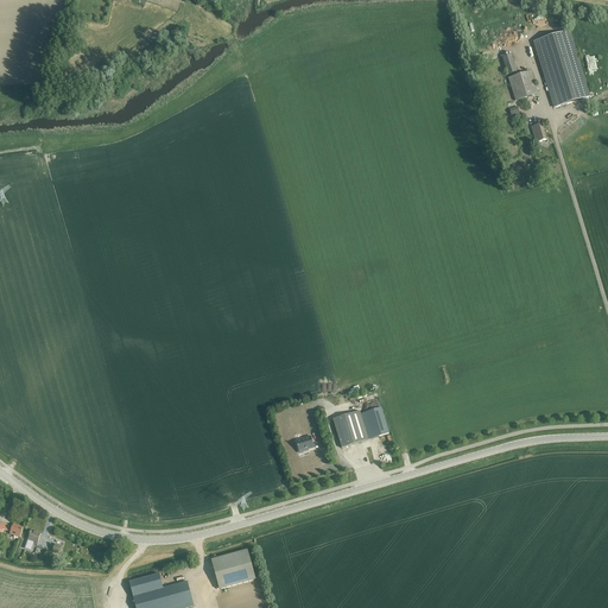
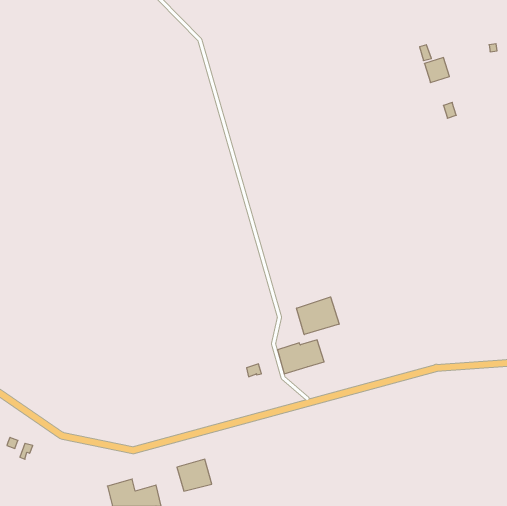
building: [533,30,588,106] -> none
building: none -> [297,297,339,335]

